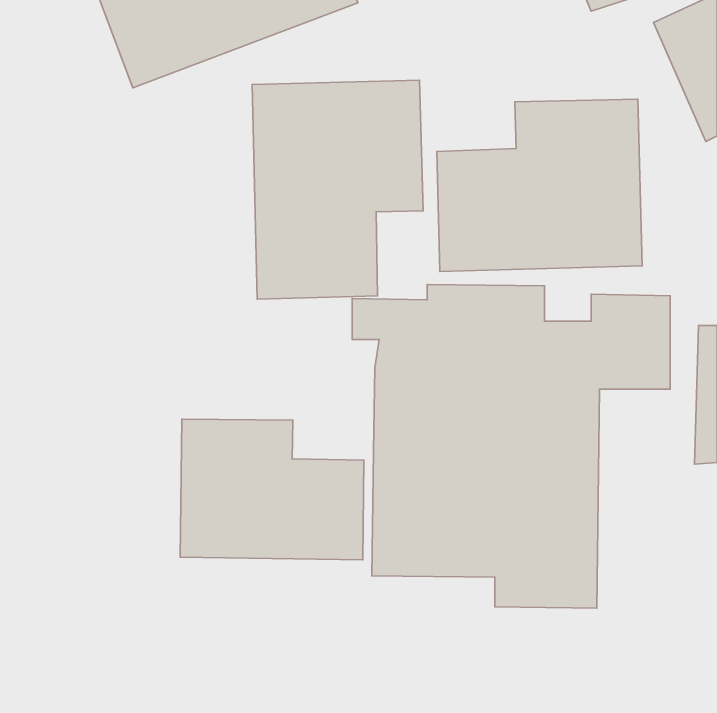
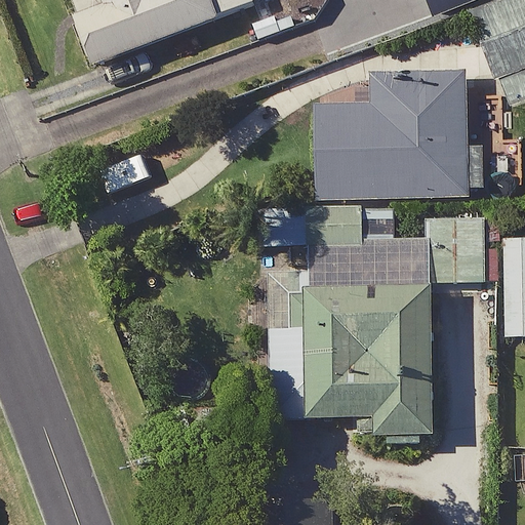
building: [252,80,423,299] -> none
building: [180,419,364,560] -> none

